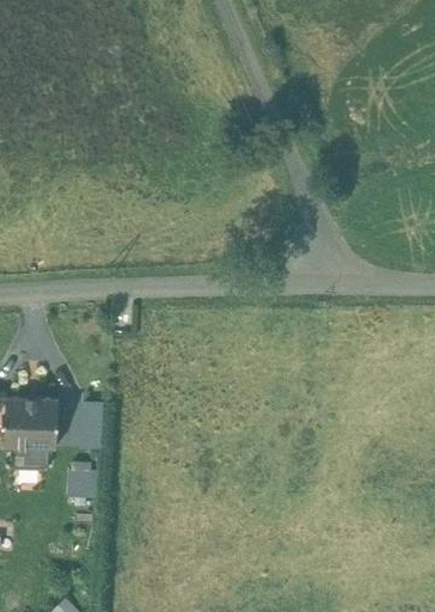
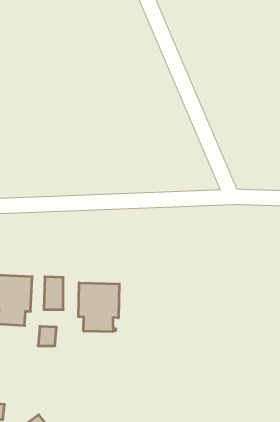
building: none -> [78,283,119,332]

